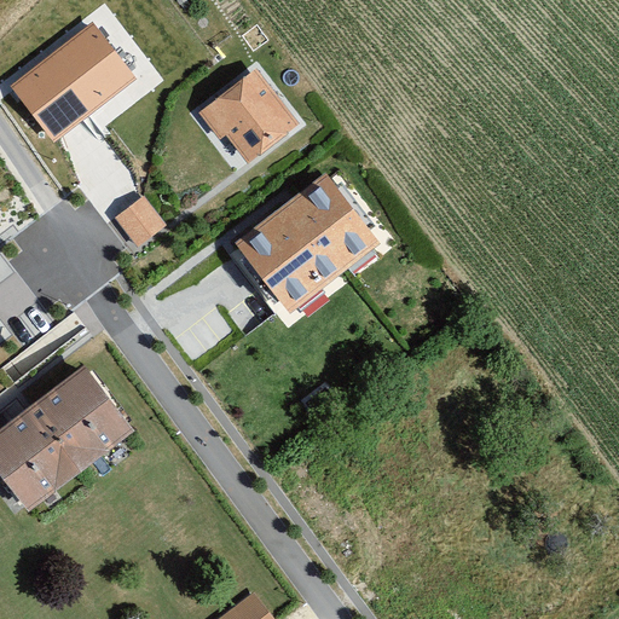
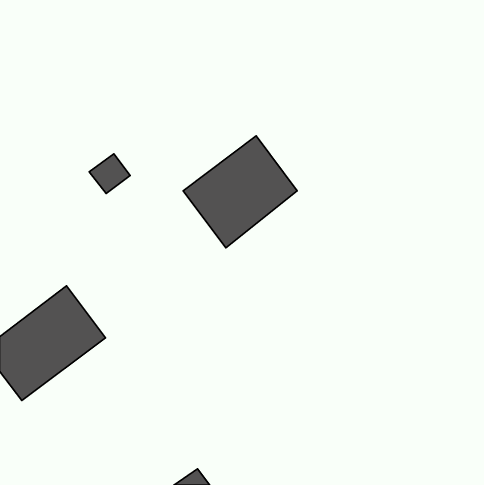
building: [10,23,137,144] -> none
building: [199,69,297,166] -> none

